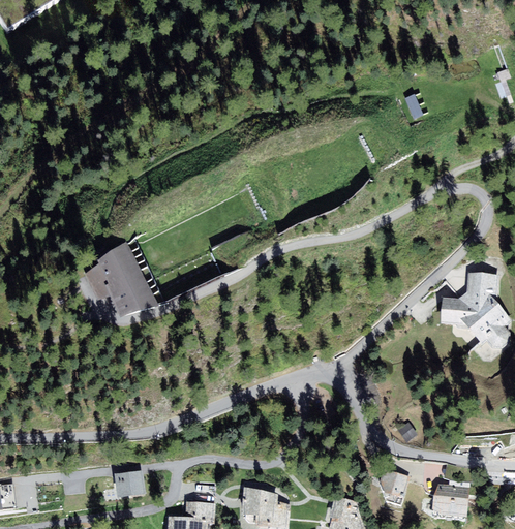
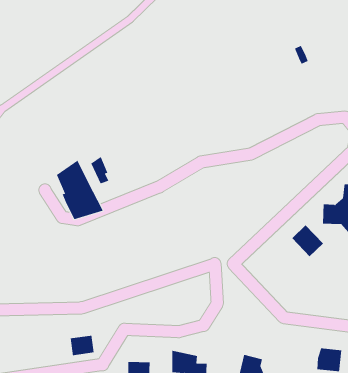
building: [83,264,107,301] -> [91,156,109,184]
building: none -> [291,224,324,257]
building: [378,472,406,500] -> none

